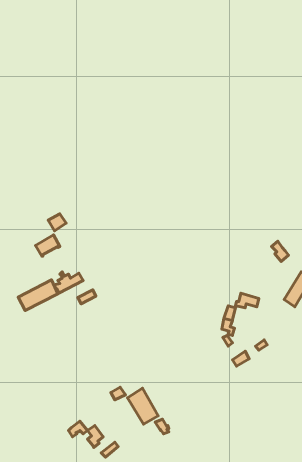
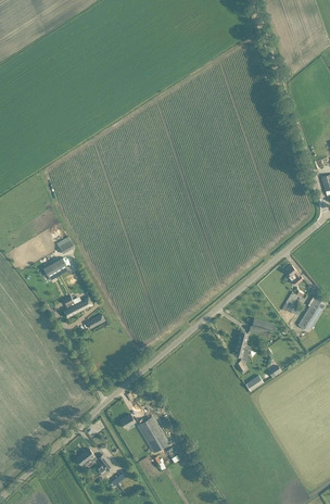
building: [18,280,58,310] -> none

